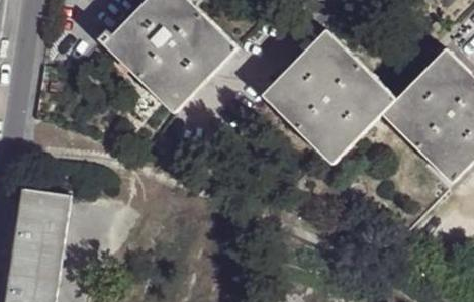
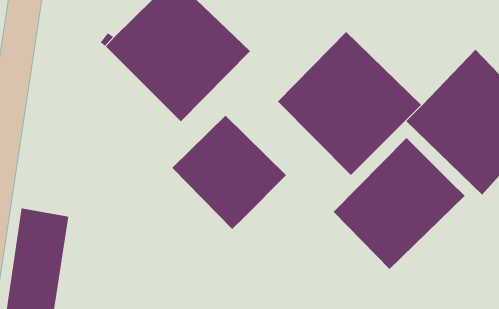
building: none -> [172,115,287,230]
building: none -> [333,137,465,270]

